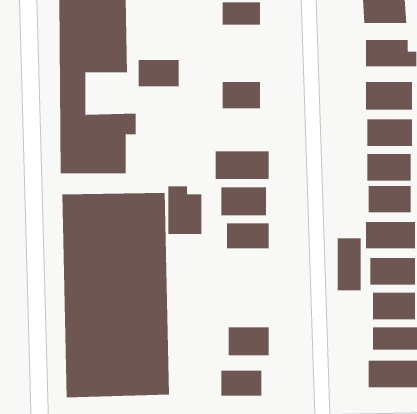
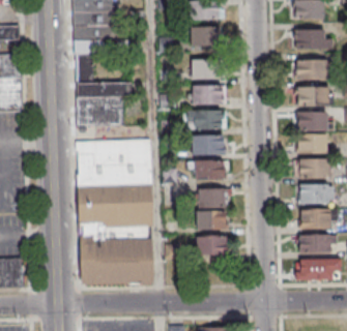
building: [138,59,180,87] -> [190,26,220,46]
building: none -> [191,84,225,104]
building: [168,185,202,235] -> none
building: [337,237,361,291] -> none
building: none -> [199,188,227,205]
building: [220,370,262,396] -> [197,210,227,229]

